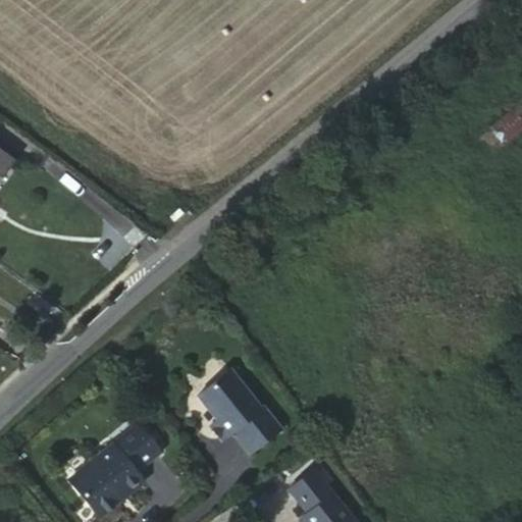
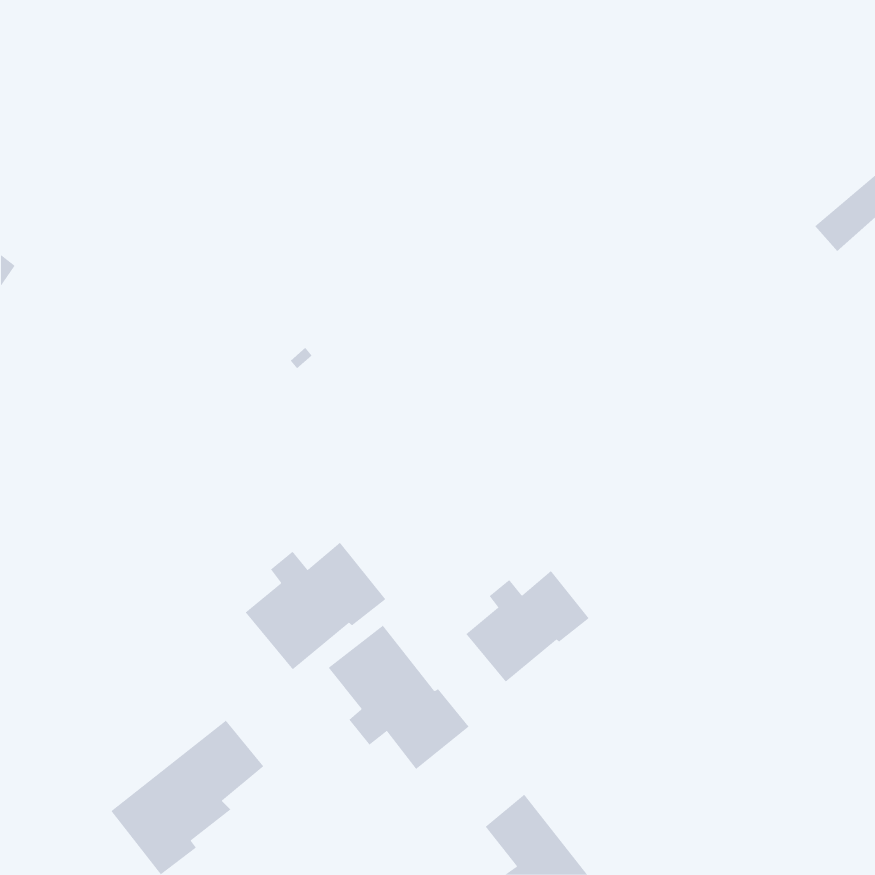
building: none -> [245,542,386,670]
building: none -> [465,570,590,682]

